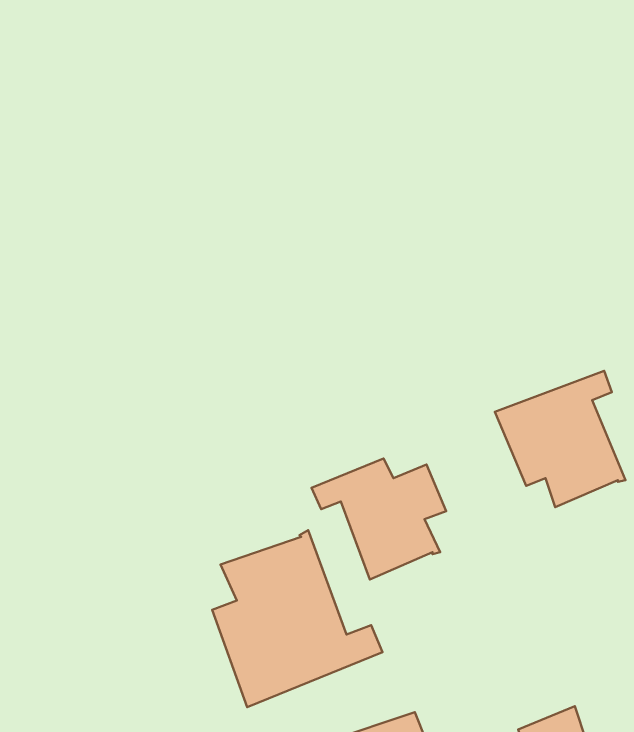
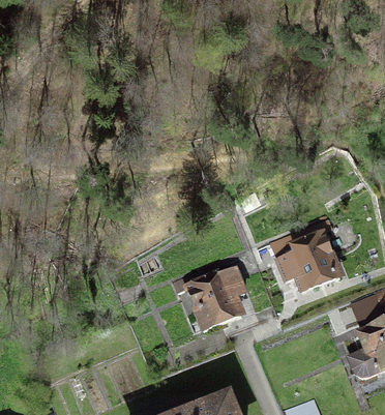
building: [212,530,382,707] -> none

